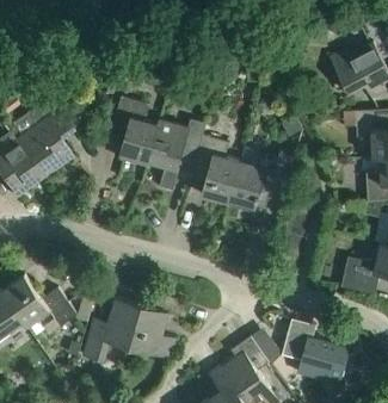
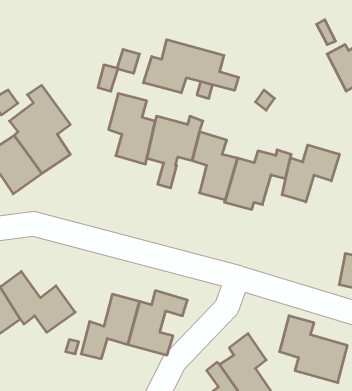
building: none -> [143,40,239,93]
building: none -> [282,145,339,202]

